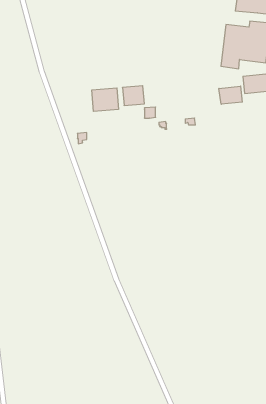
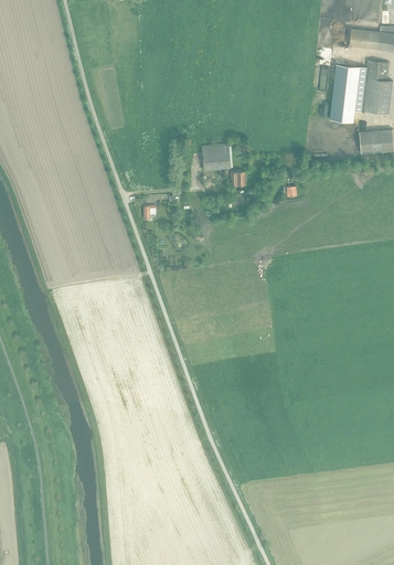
building: [219,86,242,104] -> none
building: [92,88,118,111] -> none

